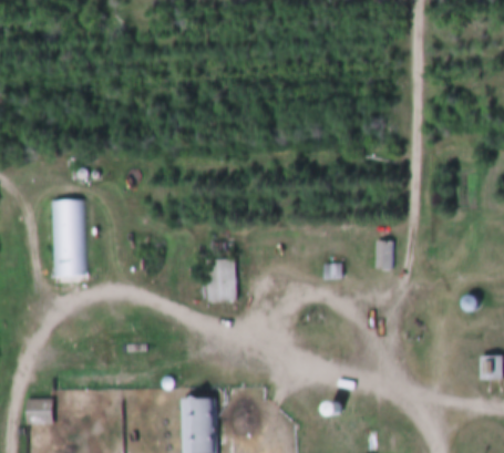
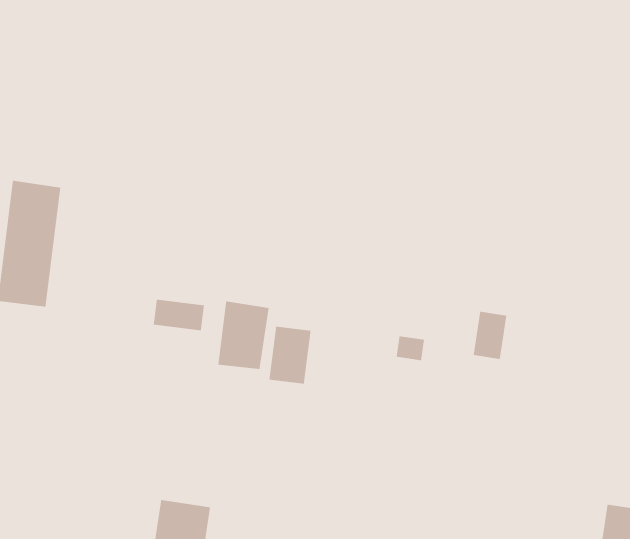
building: none -> [153,299,204,331]
building: none -> [269,326,311,384]

